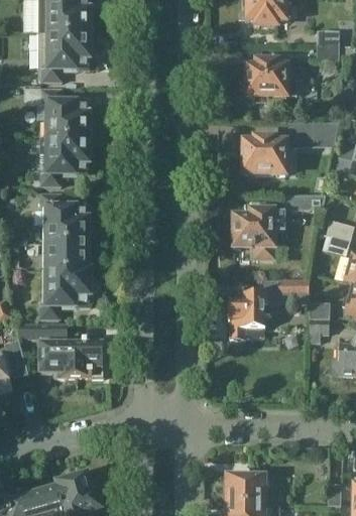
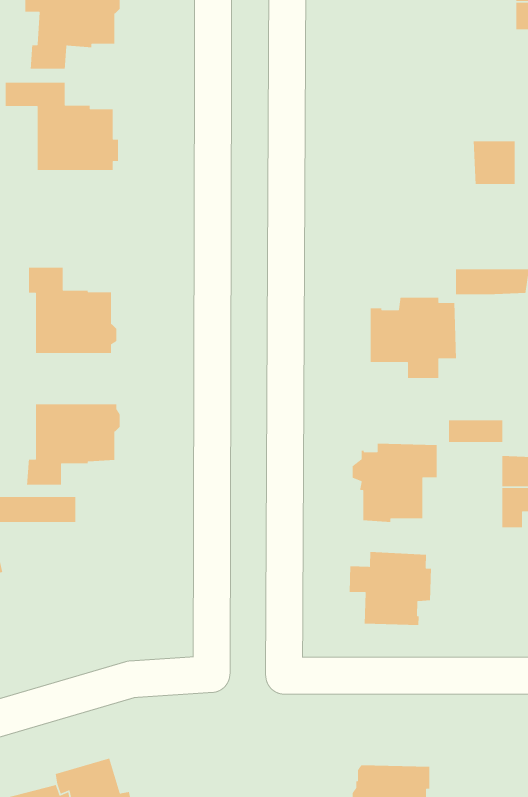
building: [247,60,301,101] -> none
building: [241,138,285,173] -> none
building: [40,139,92,185] -> none
building: [44,243,91,271] -> none
building: [40,343,103,377] -> none
building: none -> [349,551,432,626]

